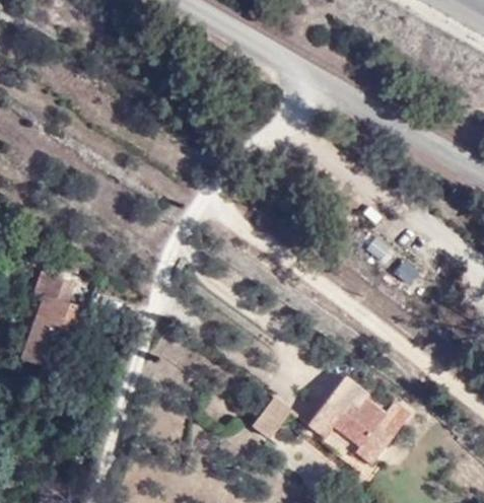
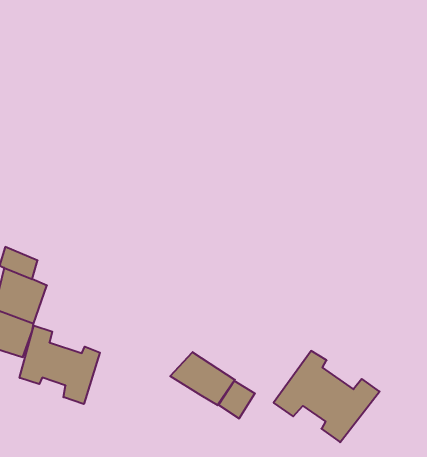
building: none -> [20,326,100,404]
building: none -> [170,352,235,405]

